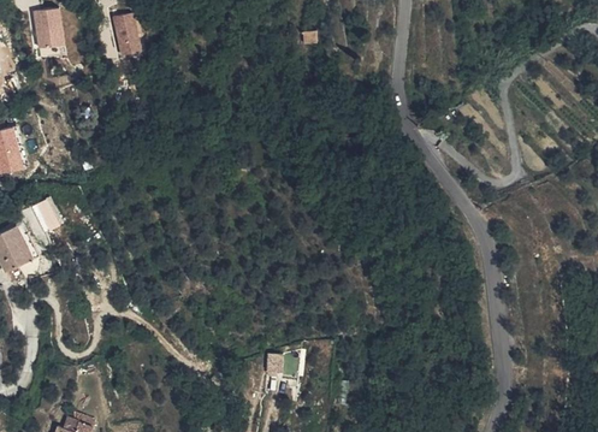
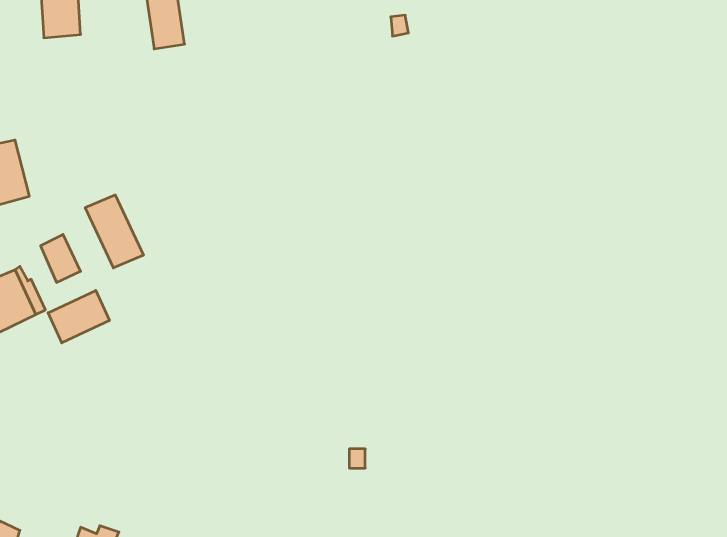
building: none -> [85,195,143,268]
building: none -> [48,290,109,343]

